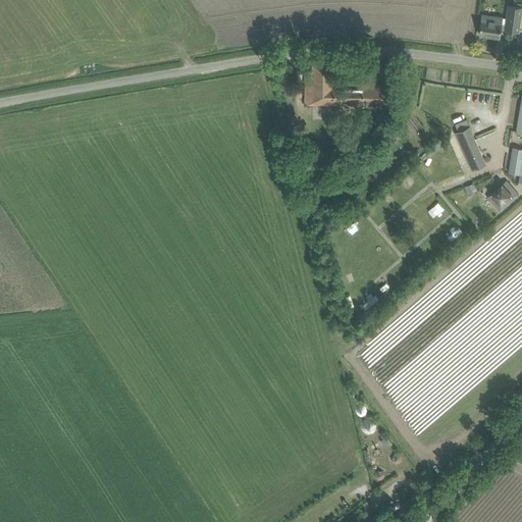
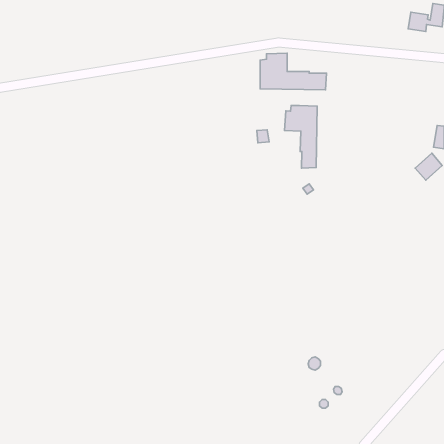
building: none -> [284,105,317,168]
building: [454,126,485,171] -> none

